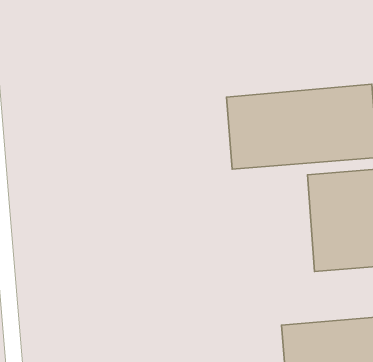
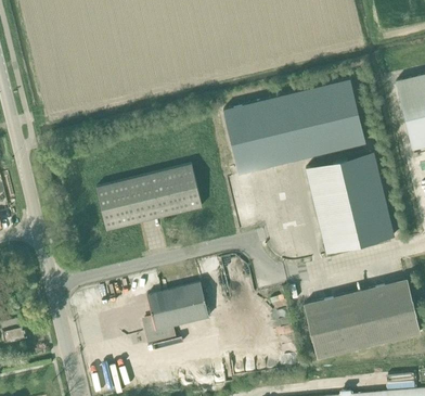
building: none -> [95,165,202,230]
building: none -> [143,283,208,342]

